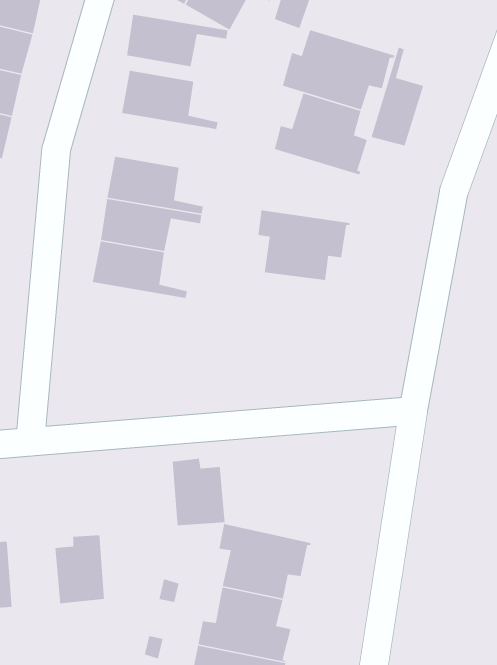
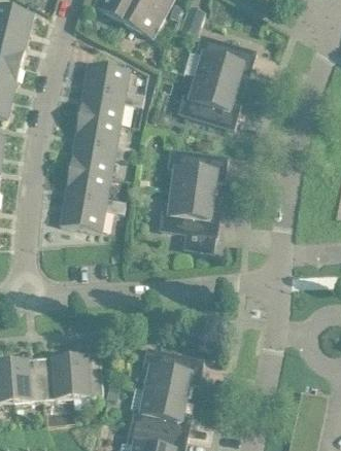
building: [126,14,228,67] -> [78,90,143,124]
building: [371,46,424,146] -> none
building: none -> [161,190,218,253]
building: none -> [60,197,124,232]
building: [172,458,225,526] -> [69,354,103,397]
building: none -> [10,359,43,403]

